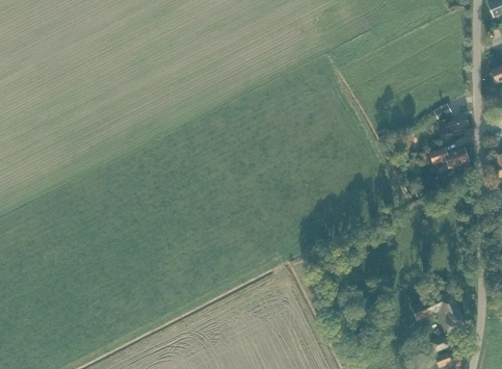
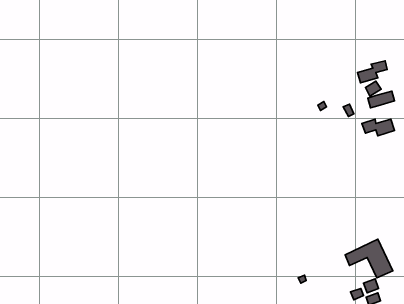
building: none -> [357,61,387,83]

